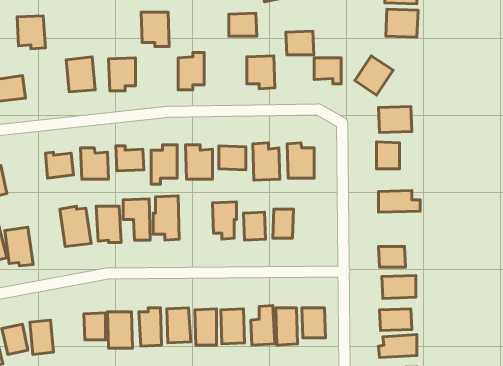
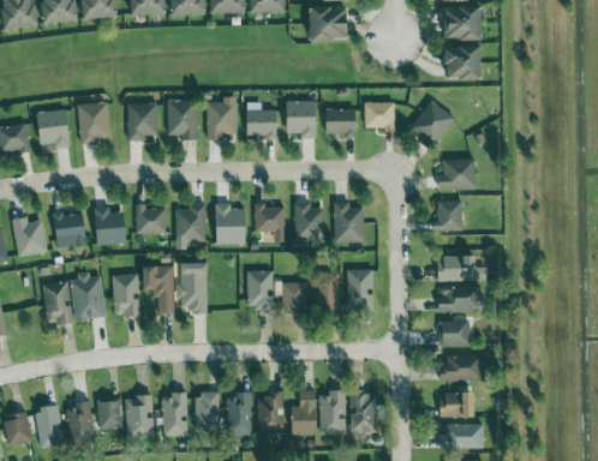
building: [141,12,169,47] -> [166,100,198,139]
building: [229,13,257,36] -> [246,109,279,136]
building: [17,16,45,49] -> [37,109,70,148]
building: [286,31,314,55] -> [324,107,357,134]
building: none -> [10,216,48,256]
building: none -> [347,269,375,310]
building: none -> [438,285,479,311]
building: [5,227,33,266] -> [42,280,74,324]
building: none -> [65,402,95,445]

